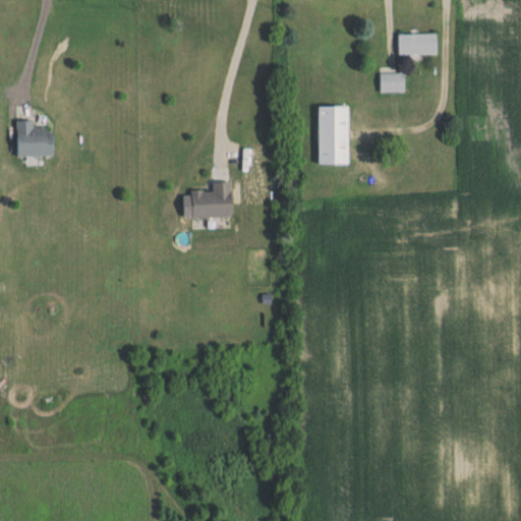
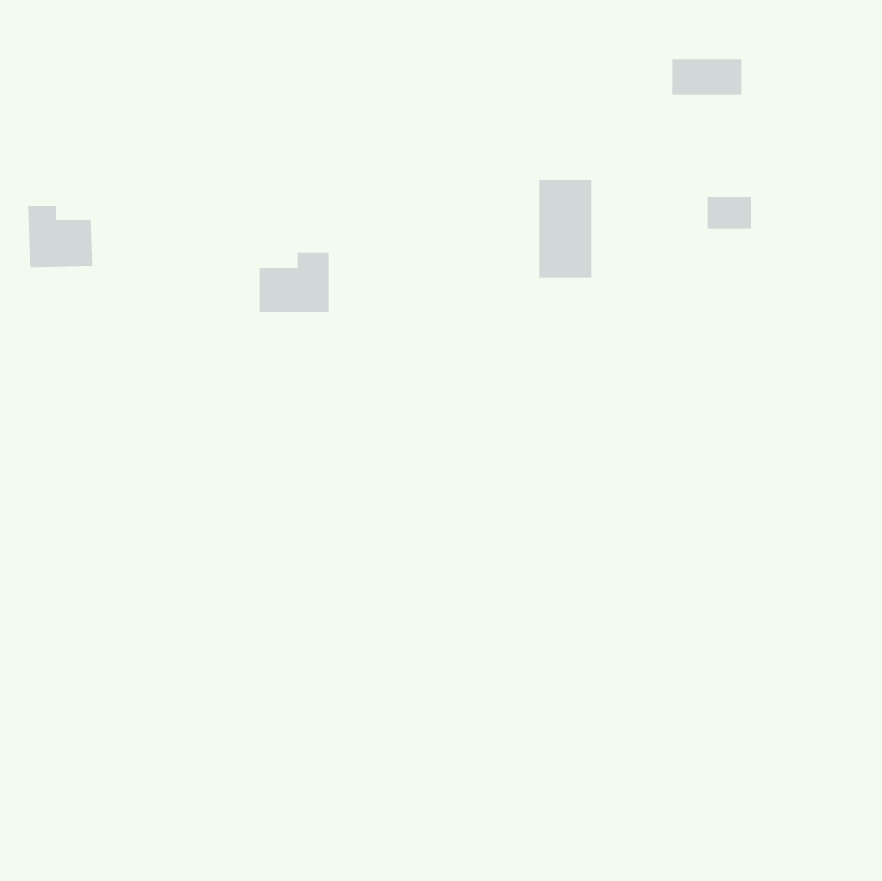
building: [378,73,404,93] -> [707,196,752,229]
building: [190,182,232,218] -> [259,252,330,313]

